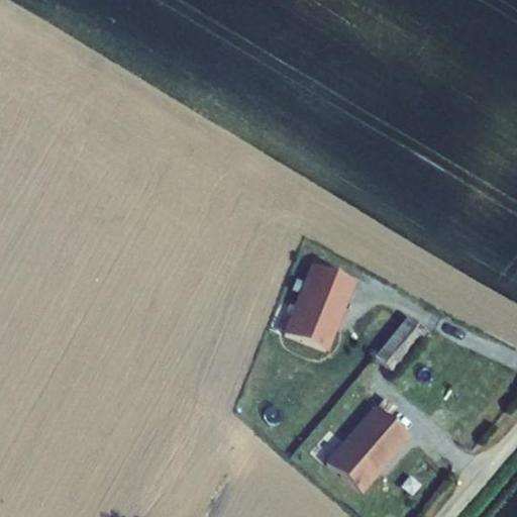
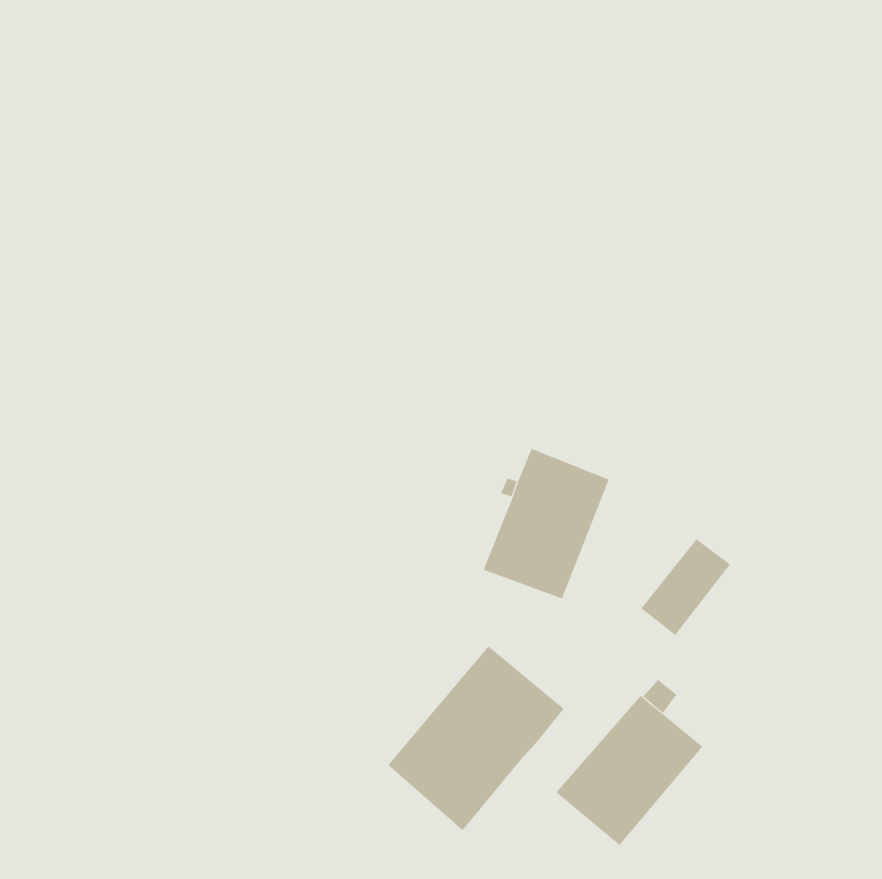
building: none -> [388,645,564,831]

